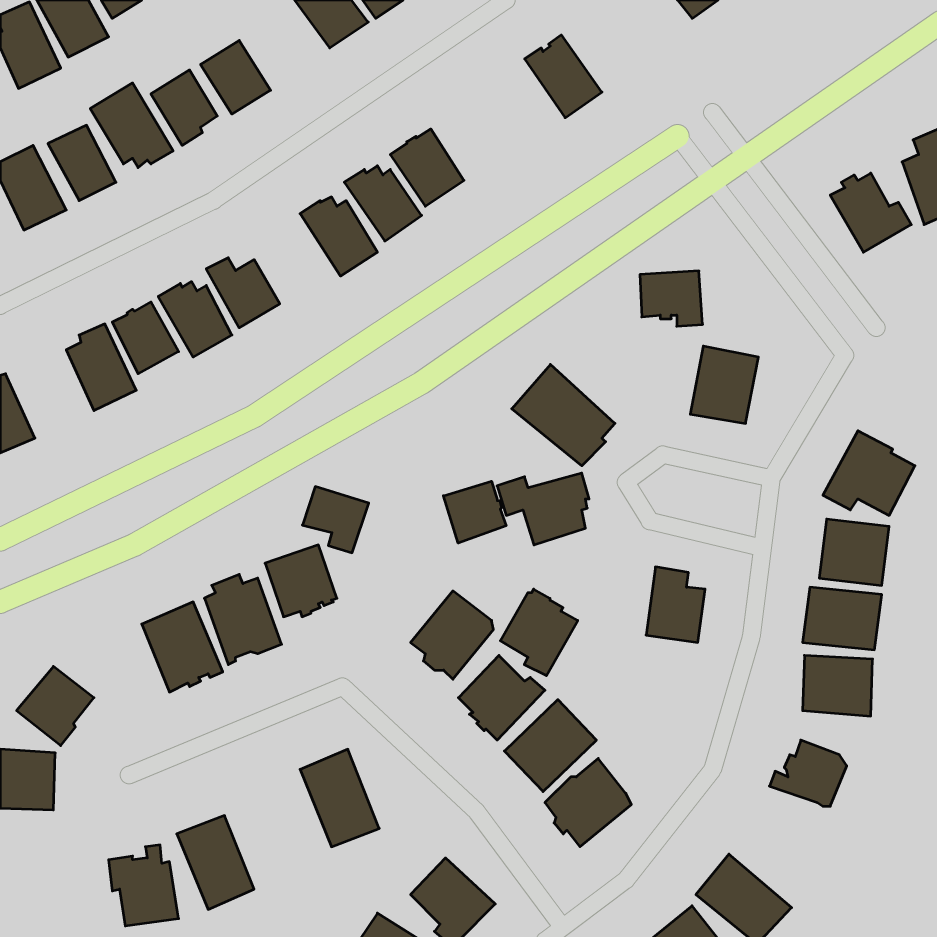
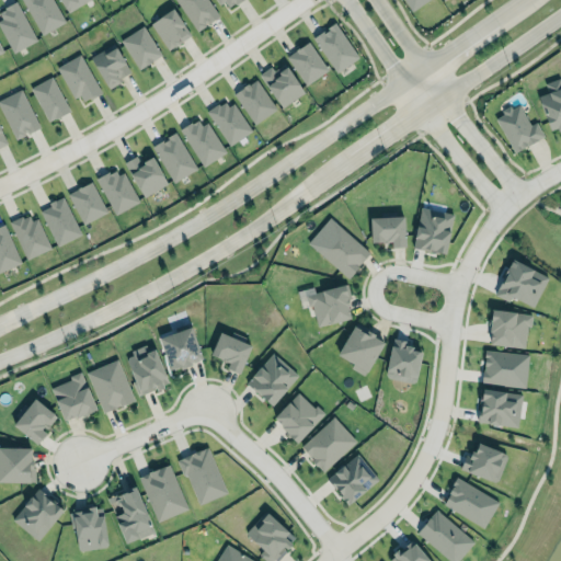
building: none -> [151,8,193,50]
building: none -> [288,42,330,85]
building: none -> [261,66,307,108]
building: none -> [153,131,198,182]
building: [640,271,703,326] -> [371,215,409,248]
building: none -> [11,215,53,260]
building: [443,481,506,543] -> none
building: [302,487,369,553] -> [213,335,252,375]
building: [500,589,578,676] -> [339,323,385,375]
building: none -> [51,376,96,423]
building: none -> [141,466,190,523]
building: none -> [444,480,501,530]
building: none -> [13,490,66,543]

